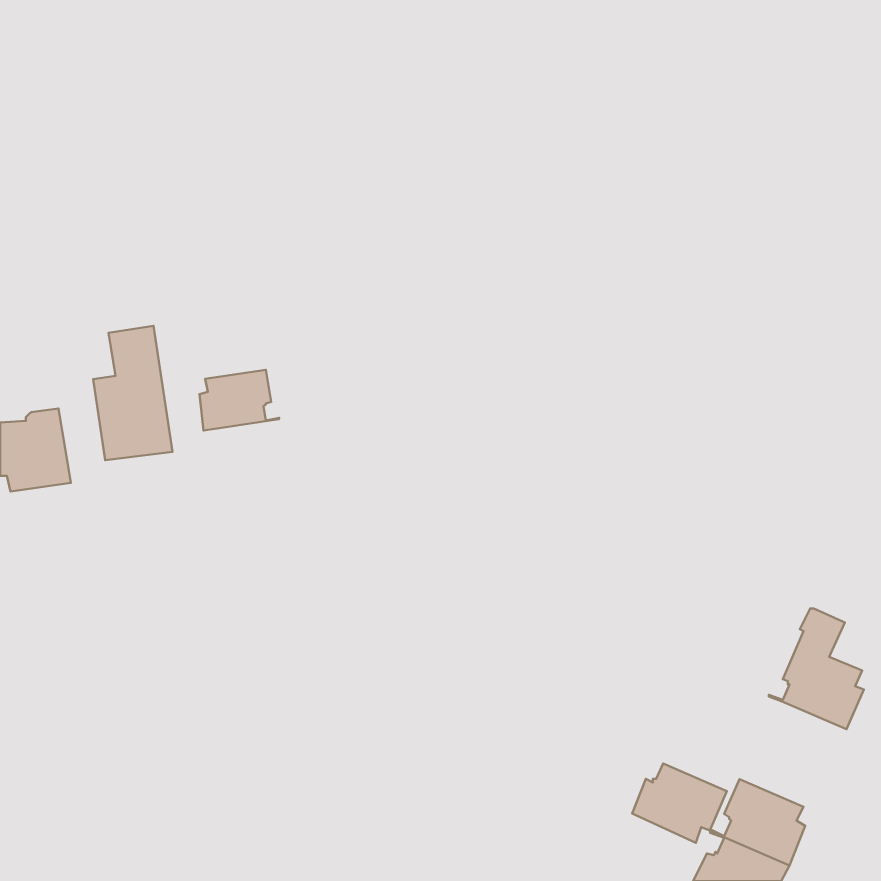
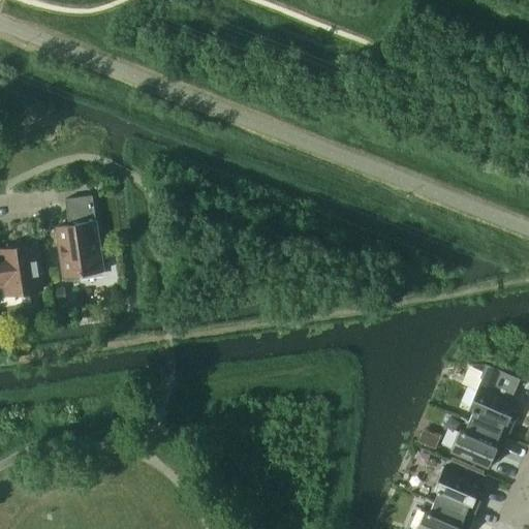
building: [199,370,279,431] -> none
building: [632,763,727,843] -> [450,421,507,468]

